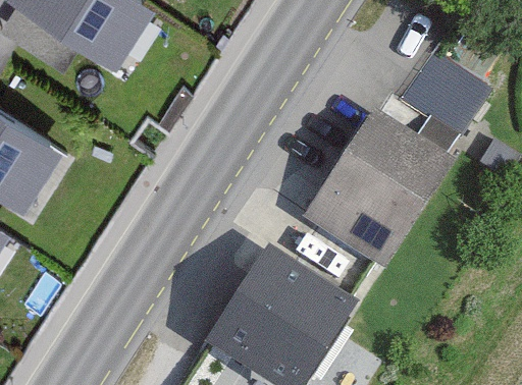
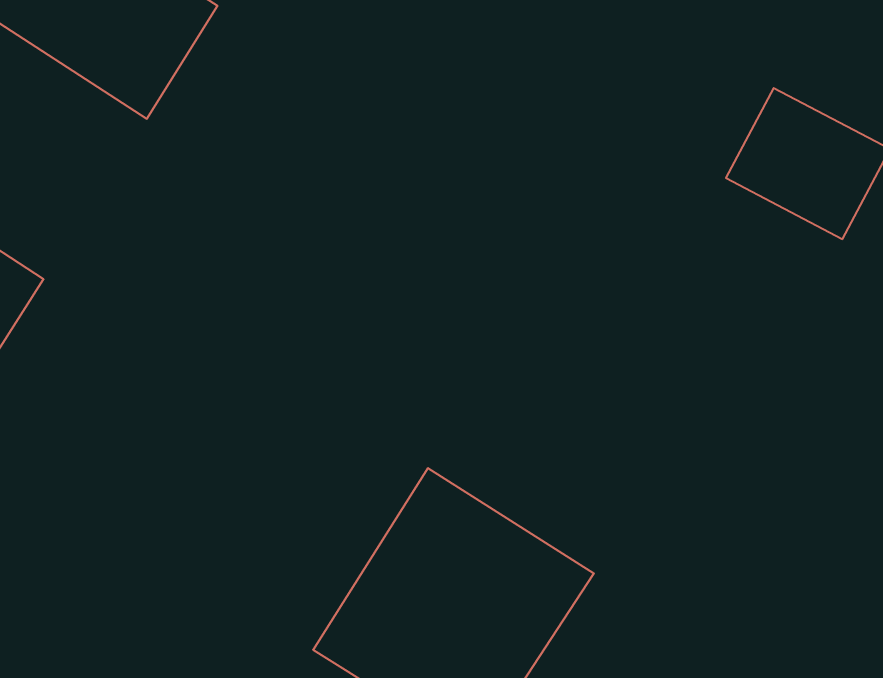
building: [303,117,448,272] -> none

